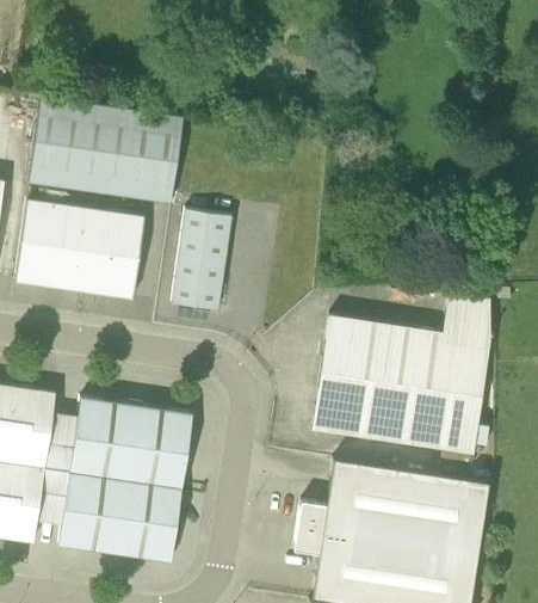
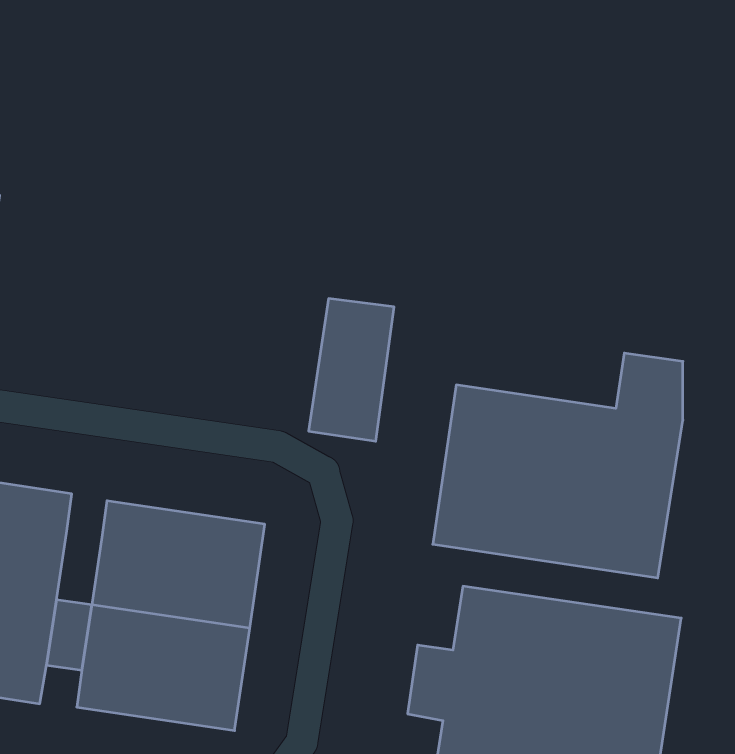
building: [27,97,181,202] -> none
building: [14,199,146,297] -> none
building: [171,209,231,310] -> [309,299,394,441]
building: [44,419,76,472] -> none

